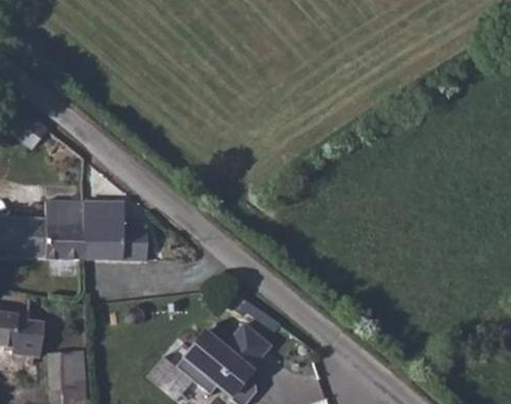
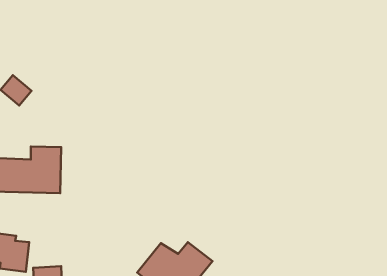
building: [82,201,146,260] -> none

